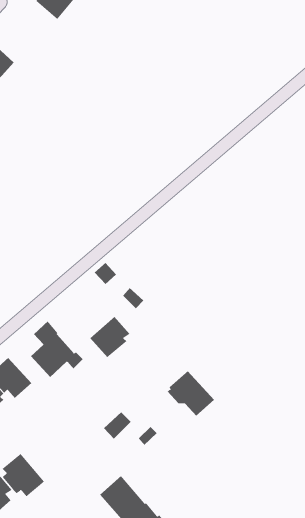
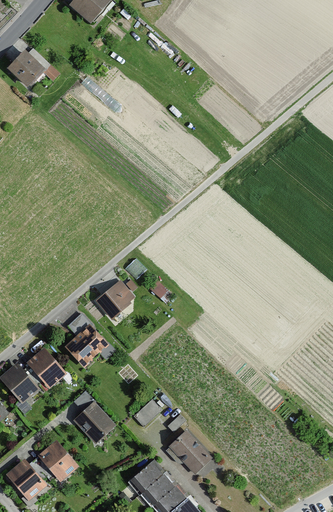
building: [89,316,130,358] -> [95,279,134,319]
building: [167,371,215,416] -> [166,429,212,473]
building: none -> [73,391,115,443]

